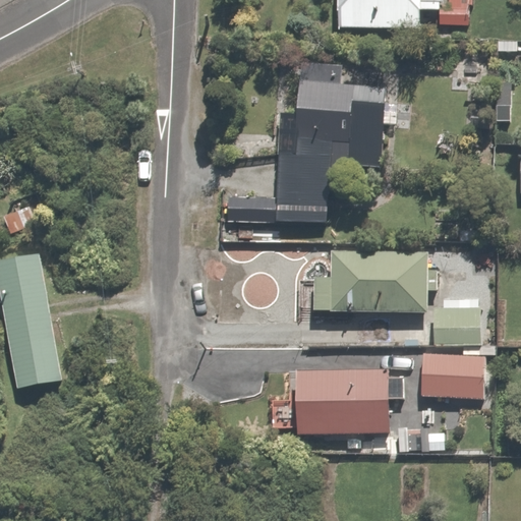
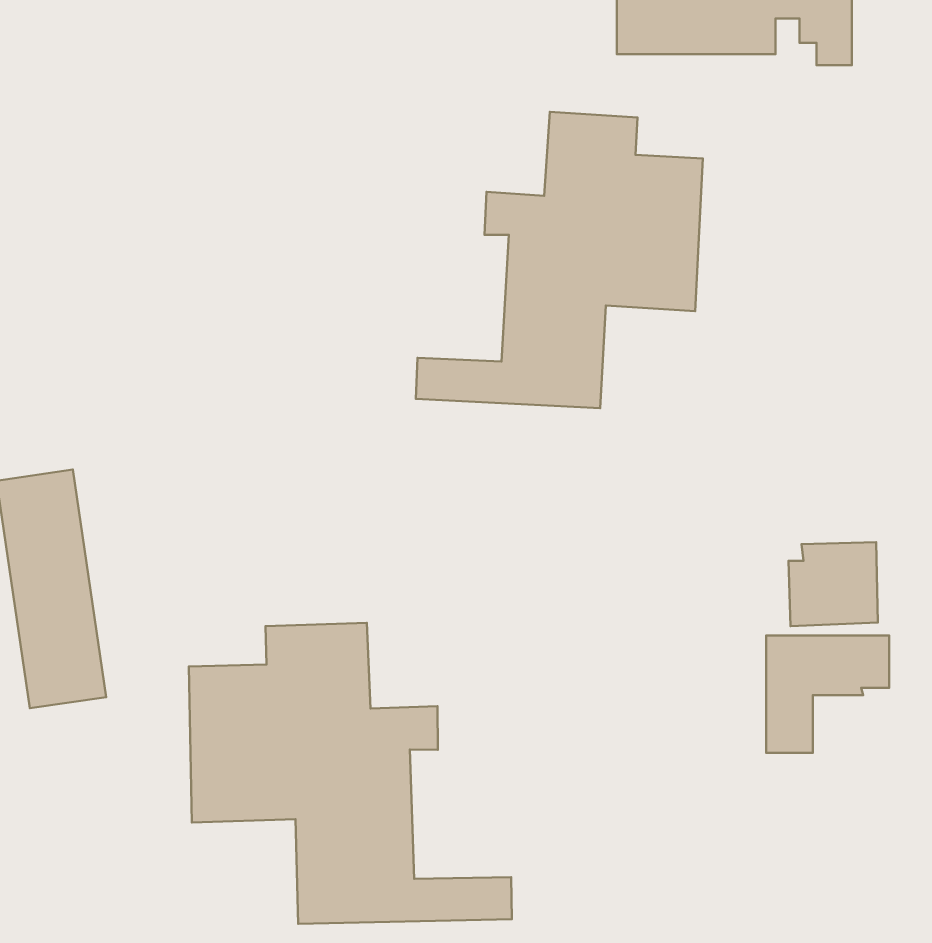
building: [313,251,427,314] -> none
building: none -> [189,623,512,924]
building: [296,368,388,433] -> none

